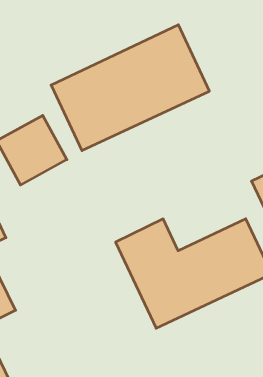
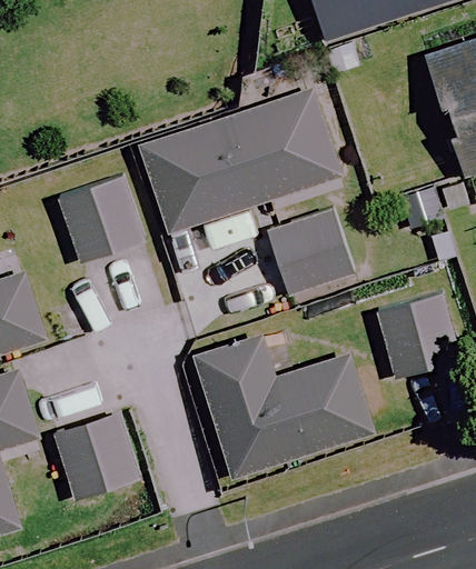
building: none -> [266,209,355,293]
building: none -> [54,409,143,495]

